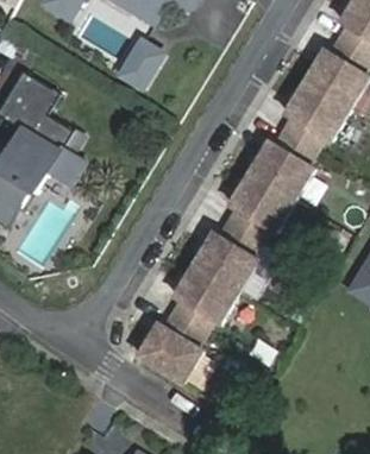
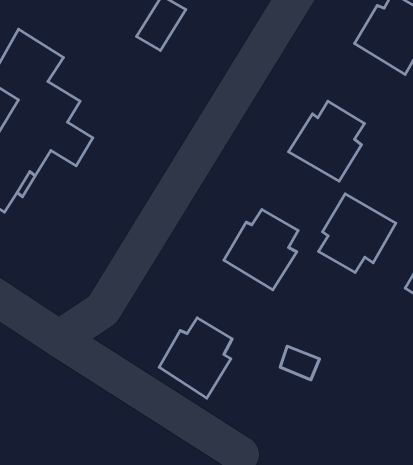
building: [283,81,349,149] -> none
building: [227,172,293,239] -> [318,194,396,273]
building: [173,264,237,330] -> none

